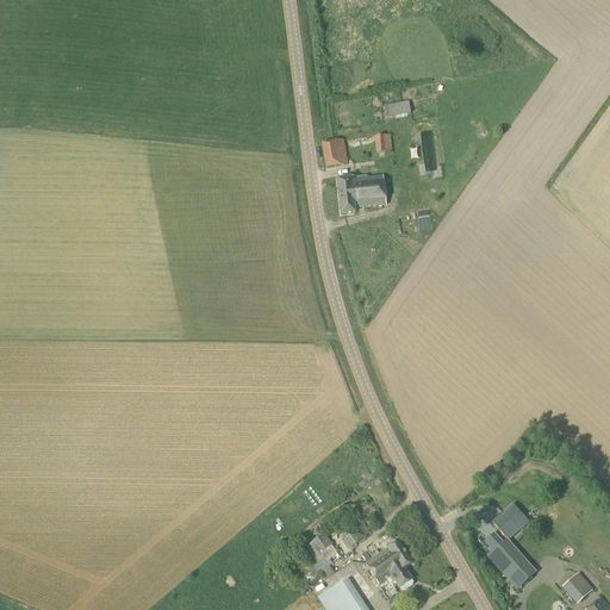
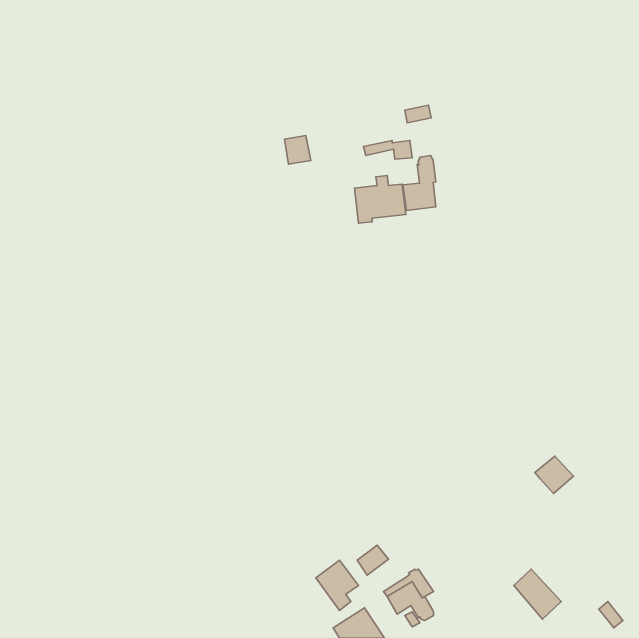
building: [323,138,348,166] -> [285,135,311,164]
building: none -> [403,156,436,211]
building: [488,500,525,536] -> [535,456,574,494]

